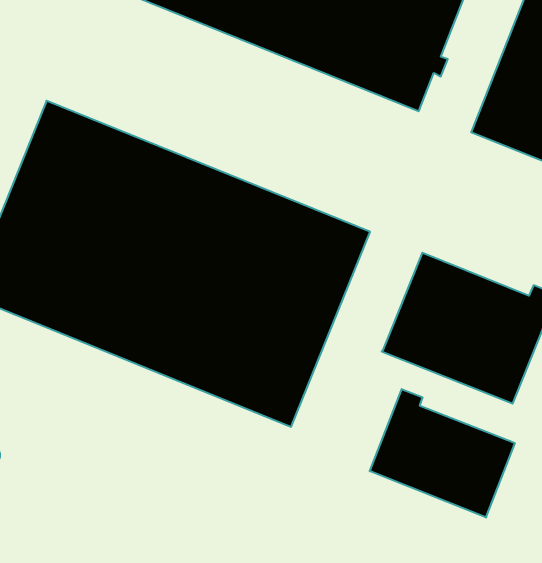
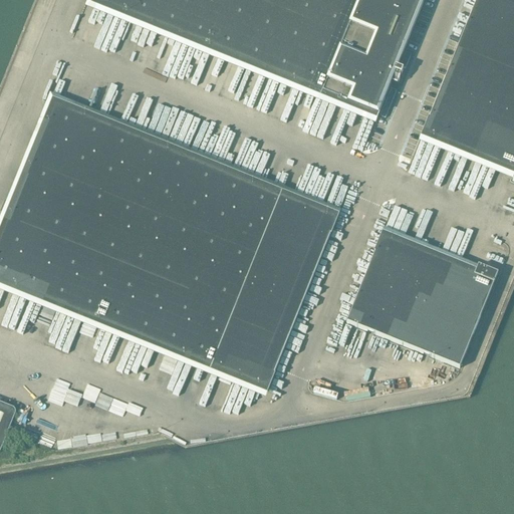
building: [370,389,515,518] -> none

